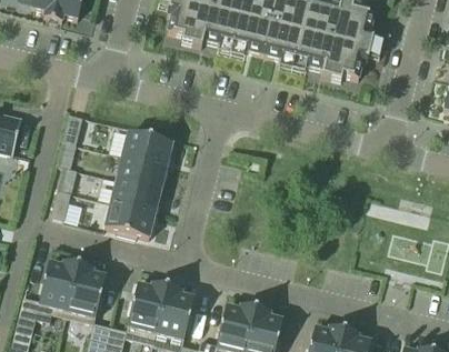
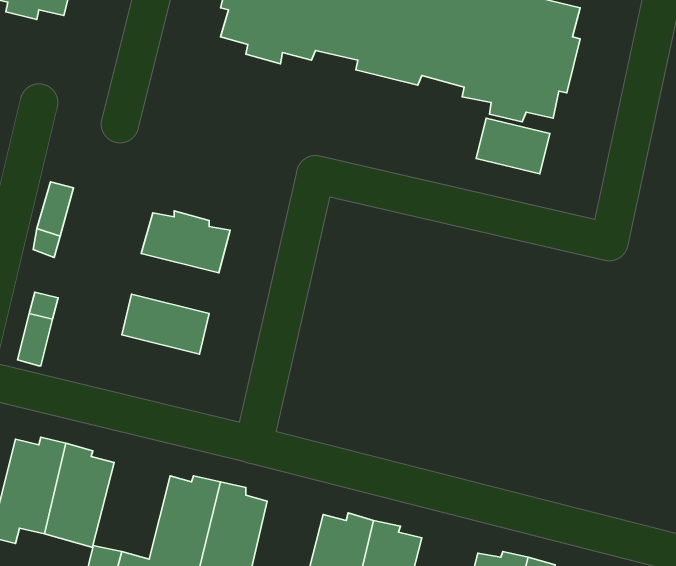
building: none -> [476,118,550,174]
building: [117,153,167,188] -> none
building: [106,200,156,235] -> none

